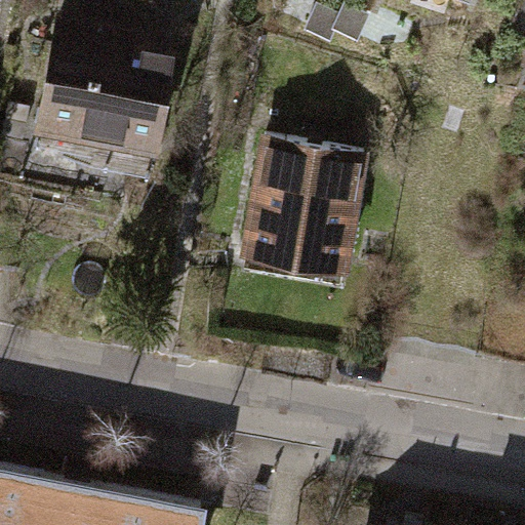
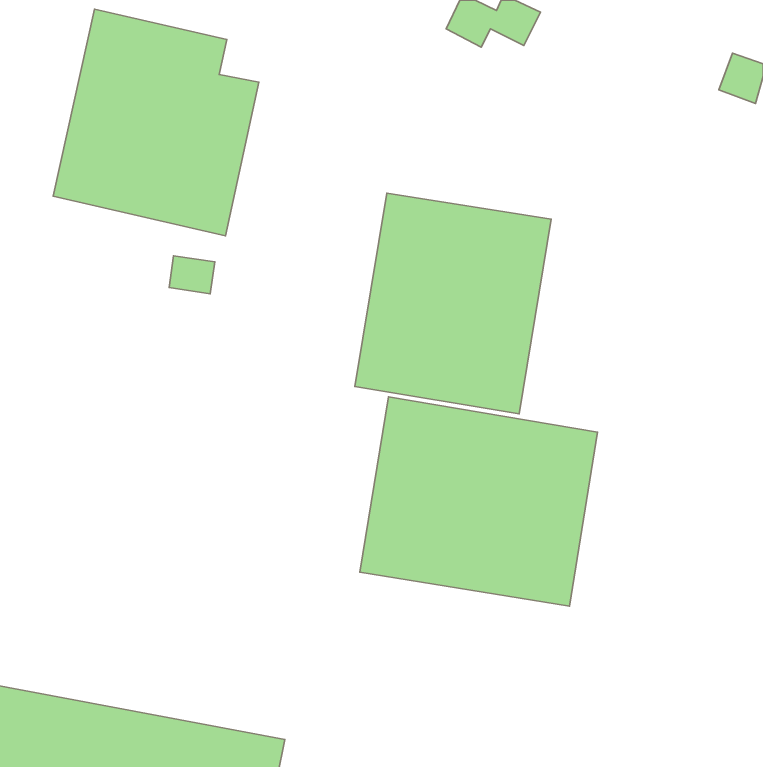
building: none -> [360,397,598,606]

